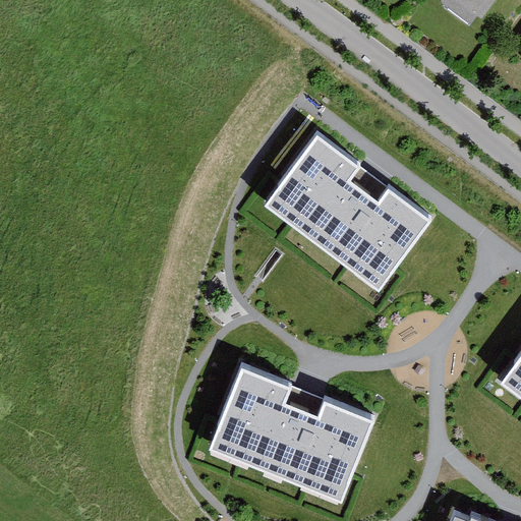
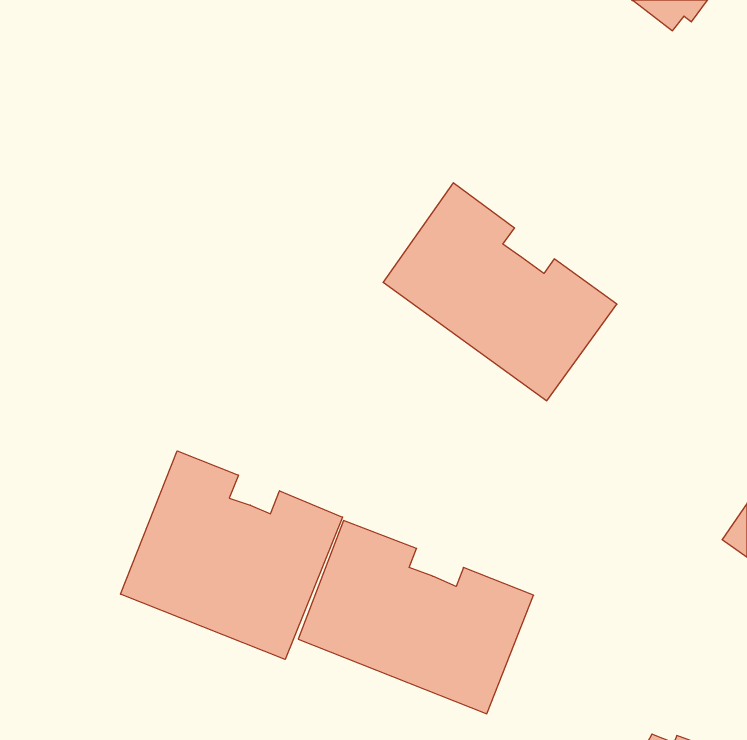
building: none -> [121,451,343,659]

